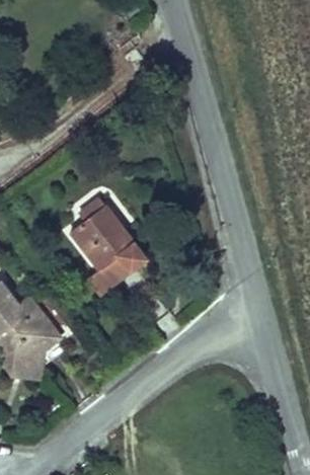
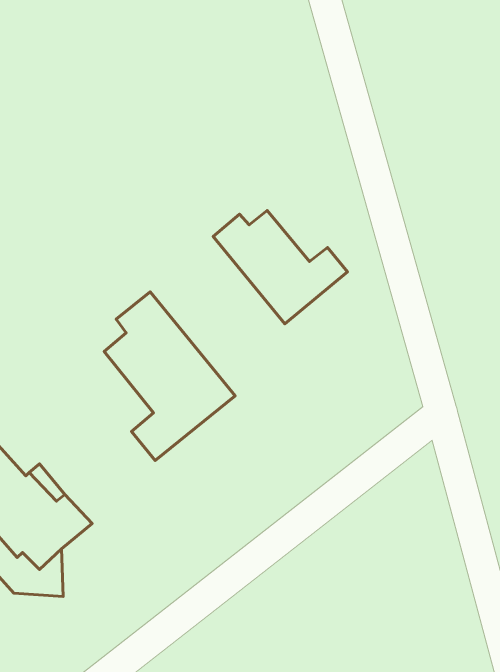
building: none -> [213,211,348,324]

